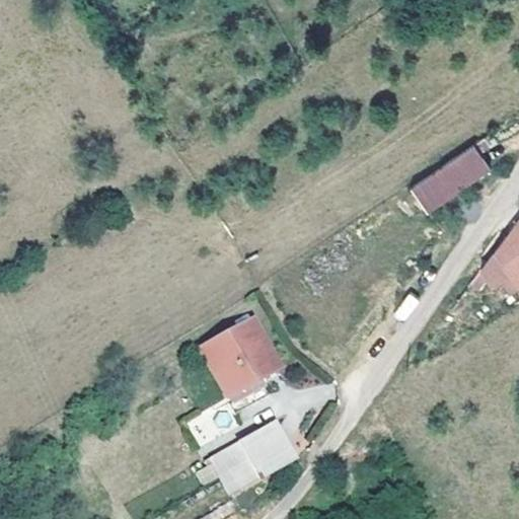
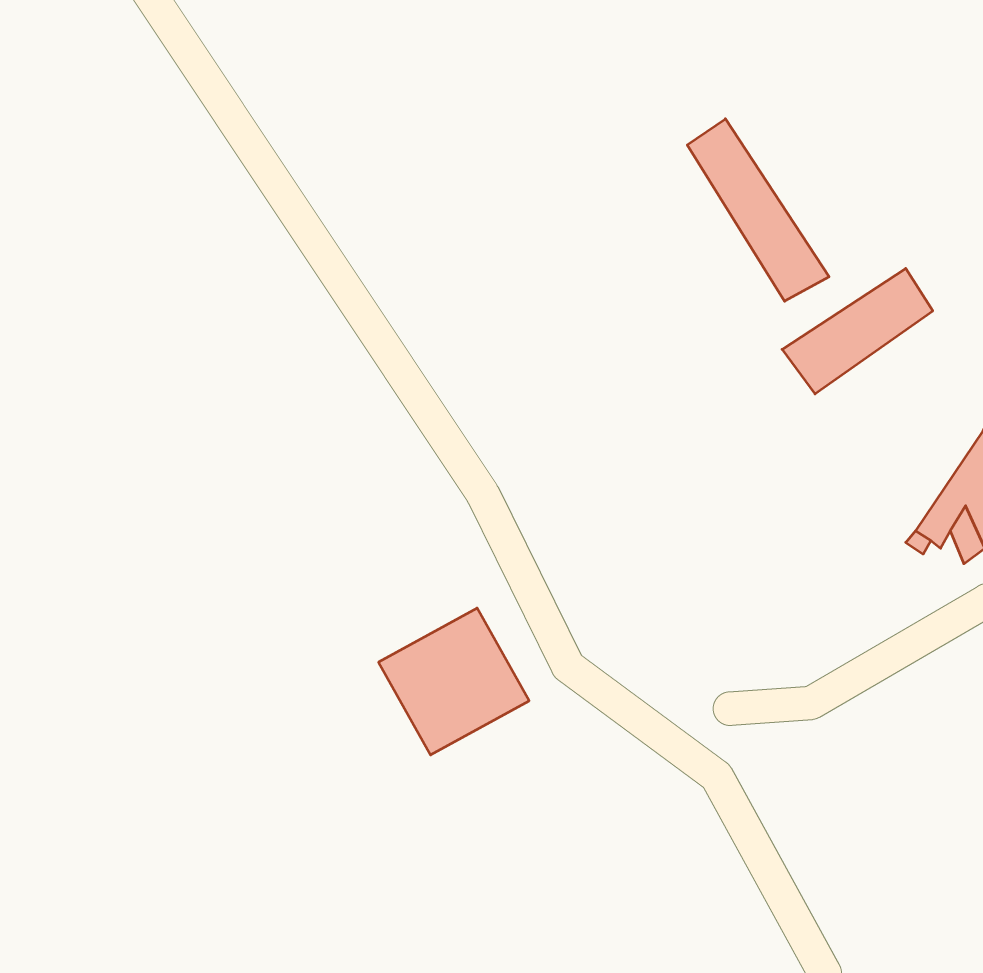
building: none -> [687,119,829,301]
building: [211,423,294,495] -> none

